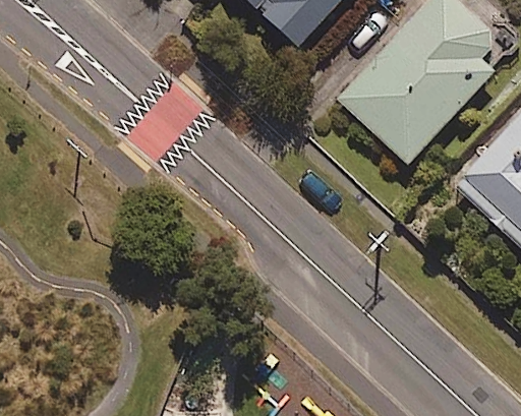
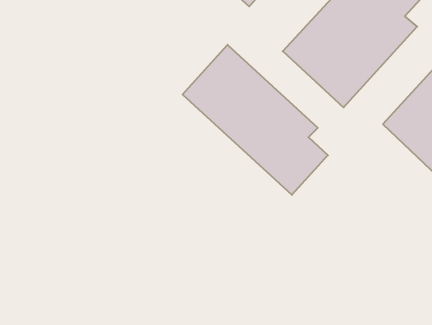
building: none -> [183,45,328,195]

